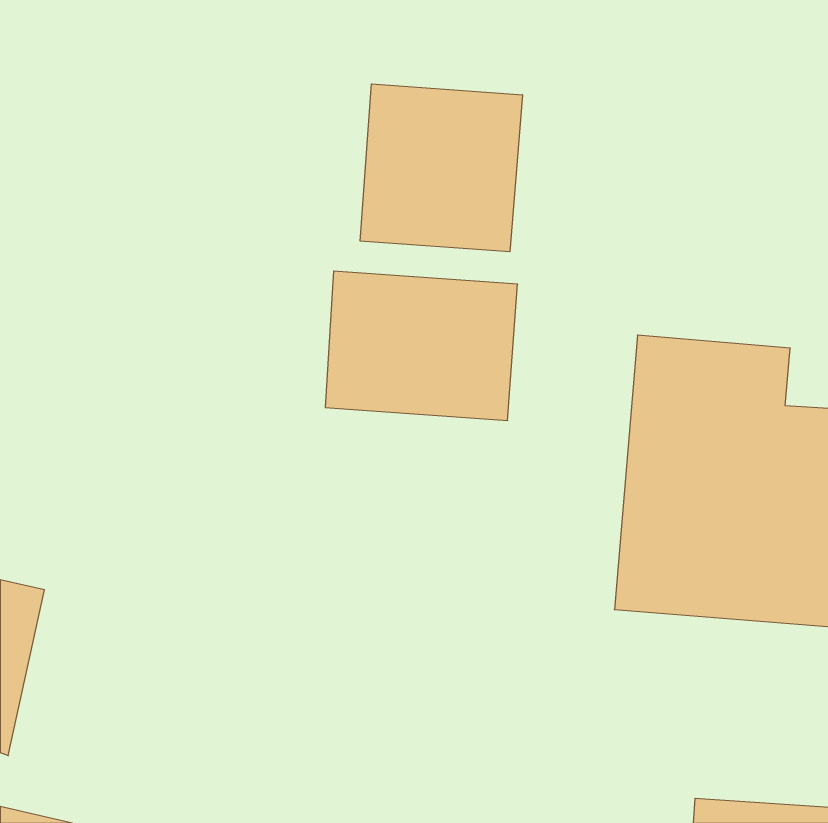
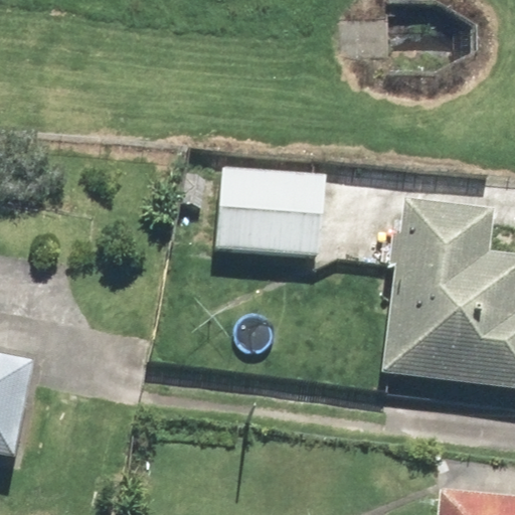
building: [360,84,522,252] -> none

